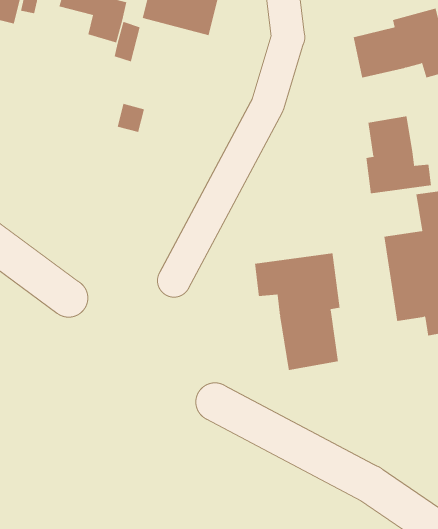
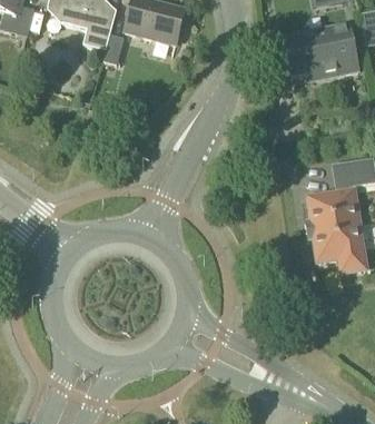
building: [366,115,431,194] -> none
building: [255,252,340,371] -> none

